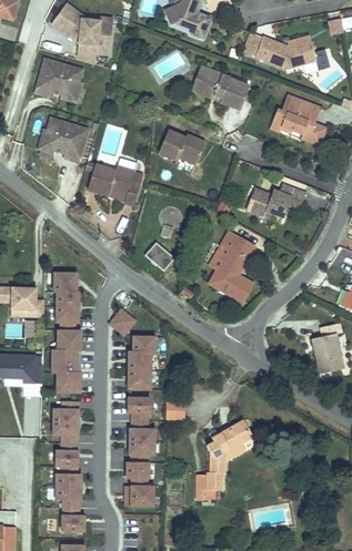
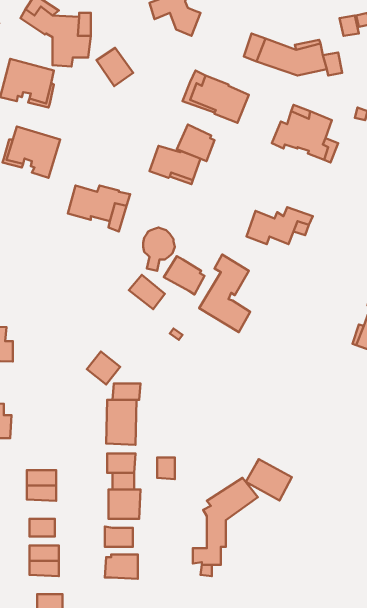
building: none -> [96,48,133,86]
building: none -> [177,125,215,161]
building: none -> [164,256,204,295]
building: [54,274,83,395] -> none
building: [313,323,344,374] -> none
building: none -> [246,459,292,500]

